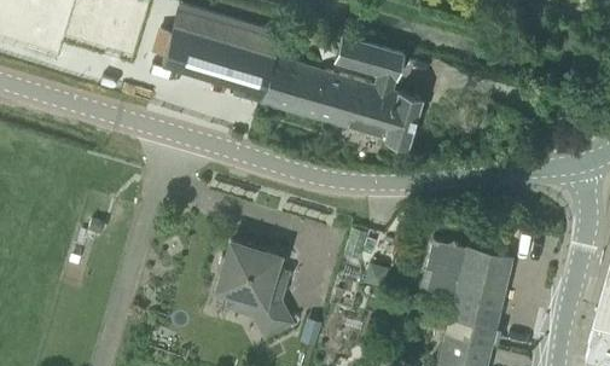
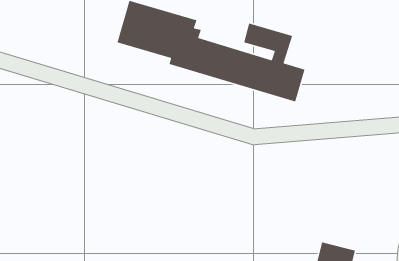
building: [422,242,513,348] -> none
building: [217,243,292,333] -> none

